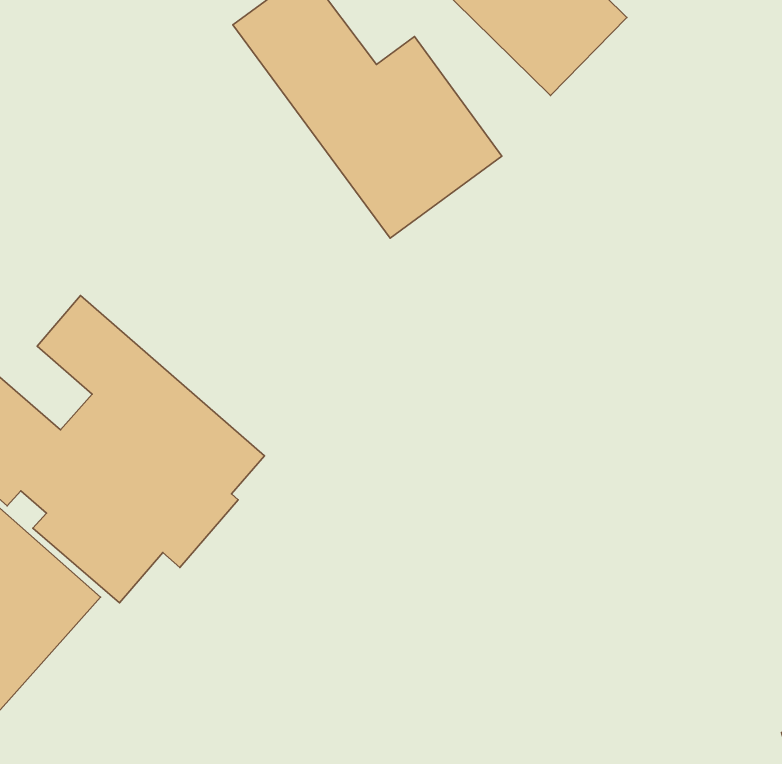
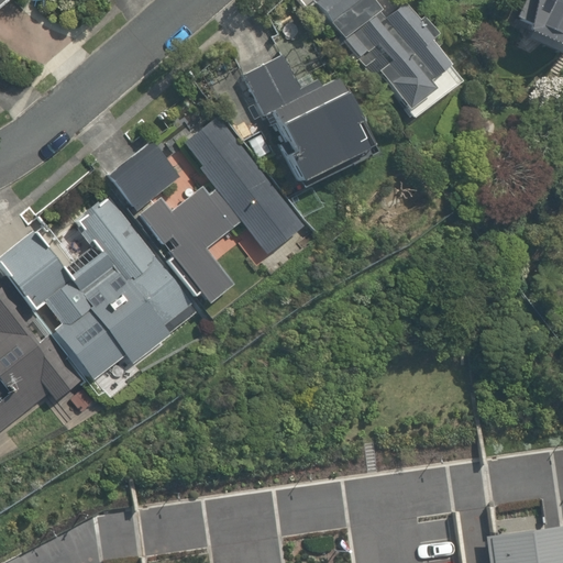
building: none -> [103,113,302,305]

